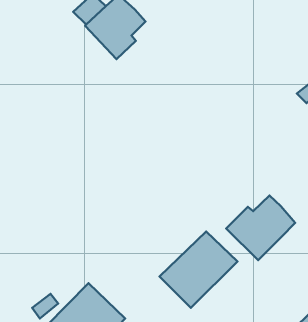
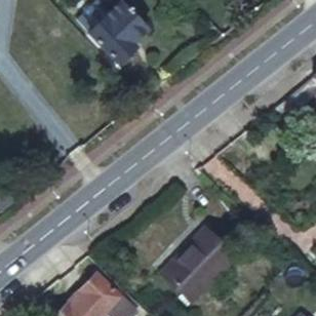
building: [226,195,295,260] -> none

